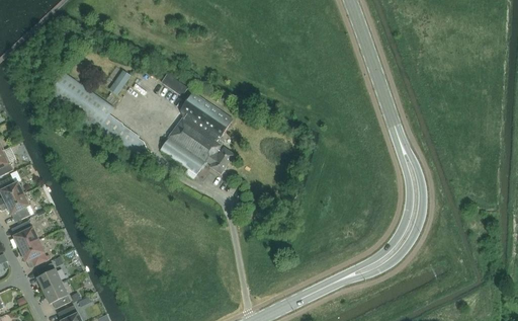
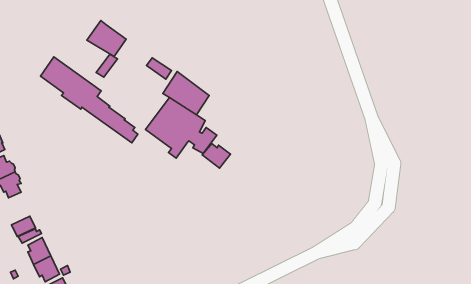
building: none -> [87,20,126,56]
building: none -> [202,143,231,168]
building: [13,221,38,249] -> none

